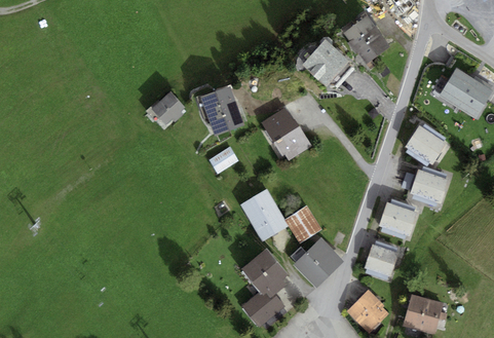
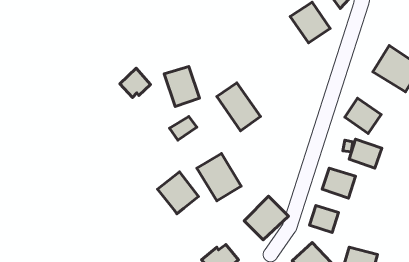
building: [303,41,349,87] -> none
building: [284,203,320,240] -> none
building: [241,249,288,296] -> [158,172,198,214]

